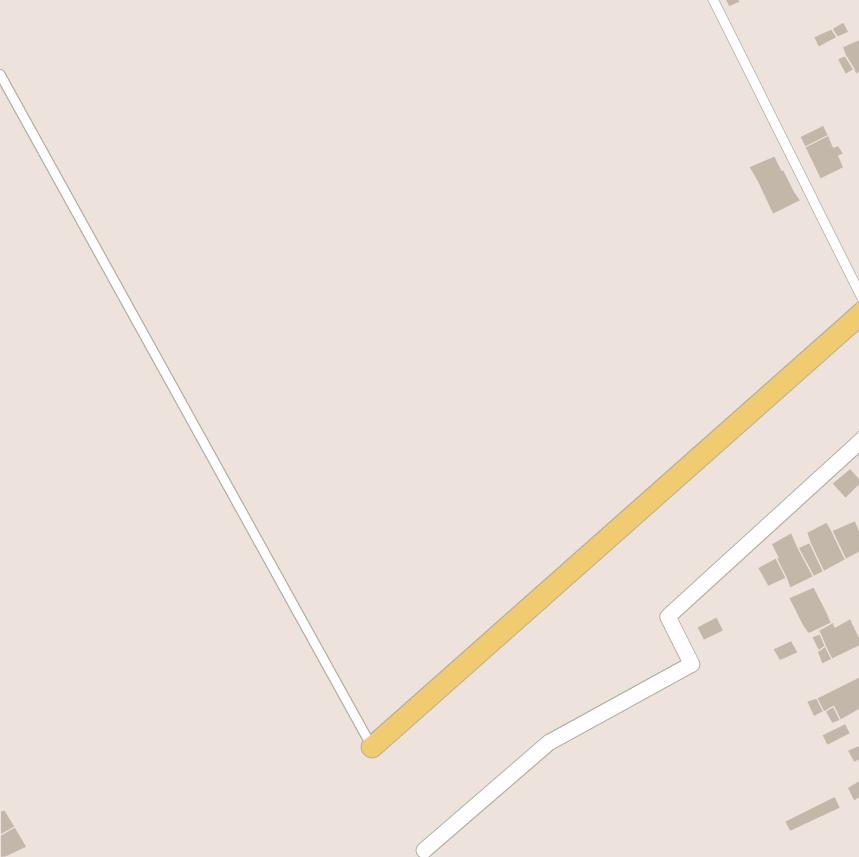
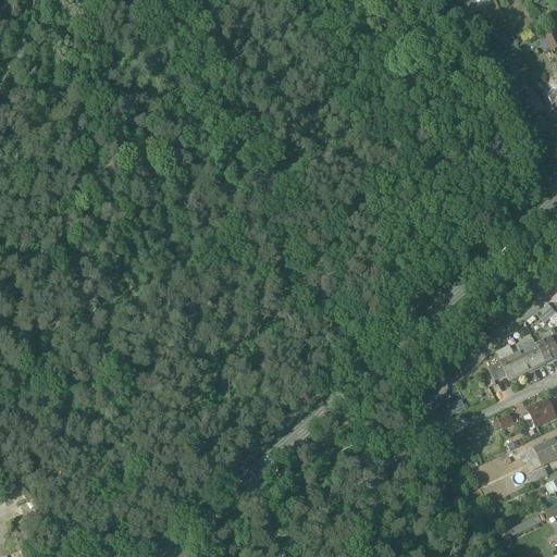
building: [749,156,801,215] -> none
building: [789,587,831,634] -> none

